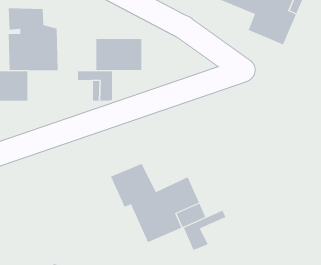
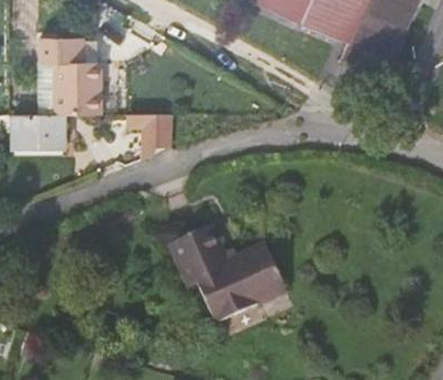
building: [96,38,142,71] -> none
building: [183,210,226,250] -> none

